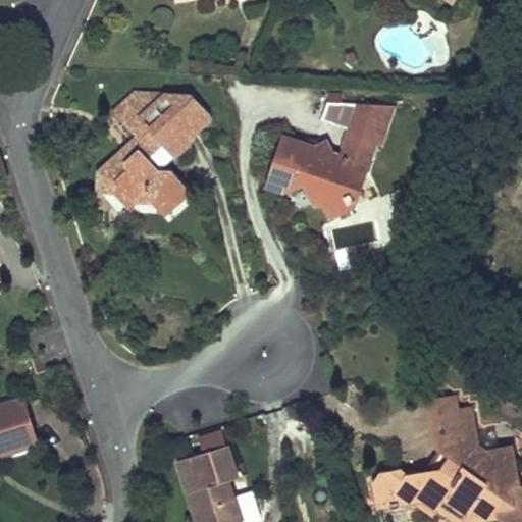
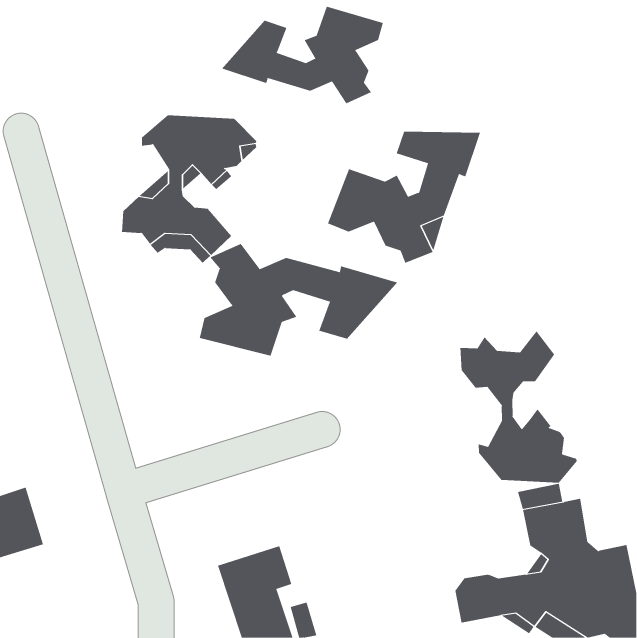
building: none -> [221,6,384,104]
building: none -> [199,243,398,357]
building: none -> [460,330,578,483]

